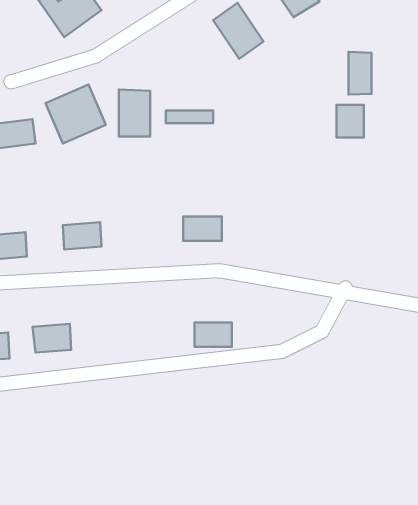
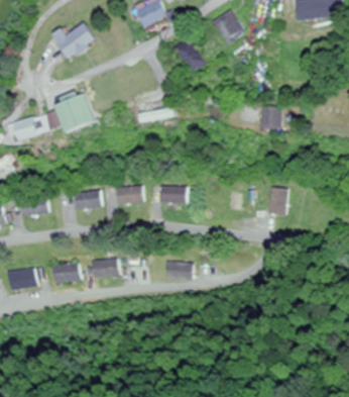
building: [349,52,372,95] -> none
building: [119,90,150,137] -> none
building: none -> [111,186,139,204]
building: none -> [263,188,280,213]
building: none -> [89,258,116,276]

